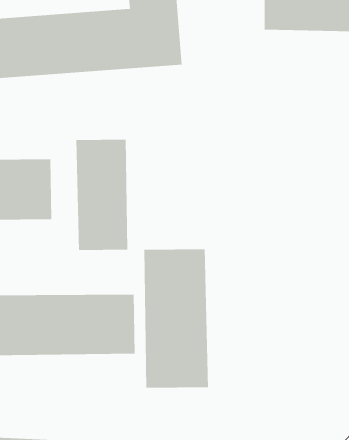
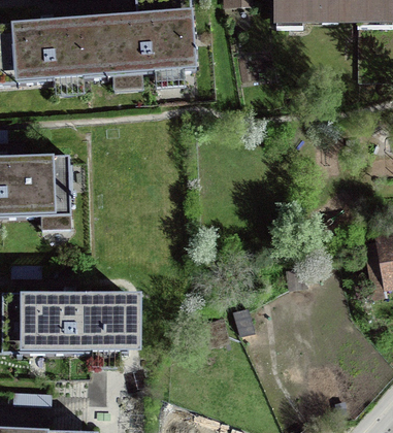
building: [76,139,128,251] -> none
building: [144,249,208,388] -> none

